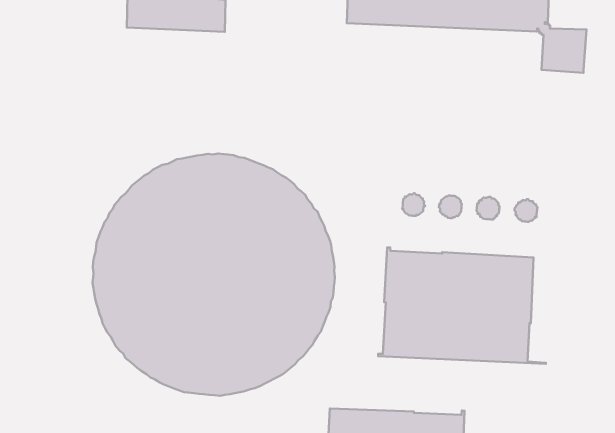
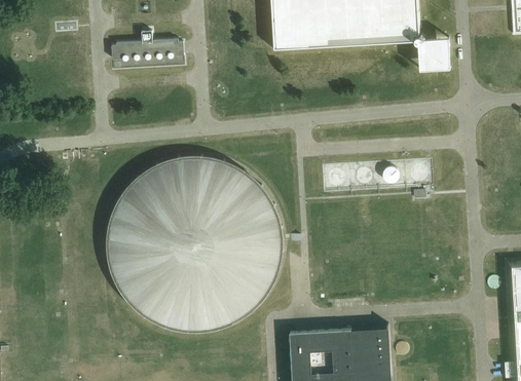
building: [378,247,546,364] -> none

